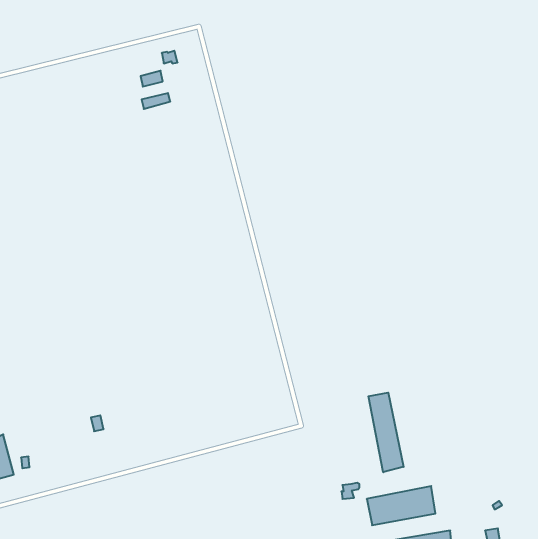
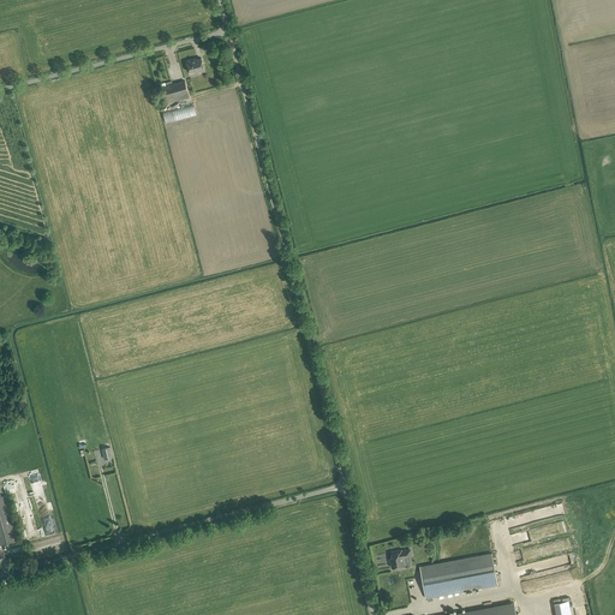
building: [368,393,404,472] -> none

